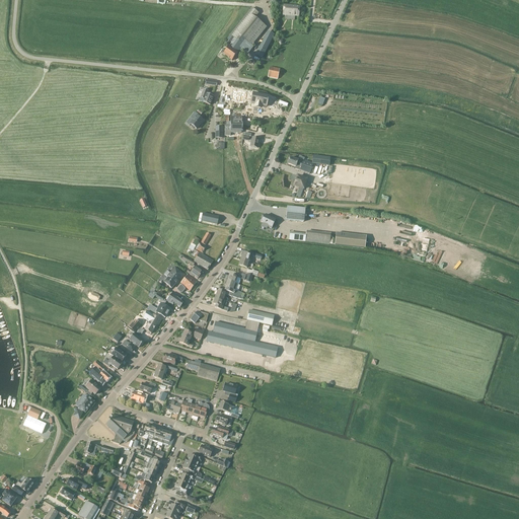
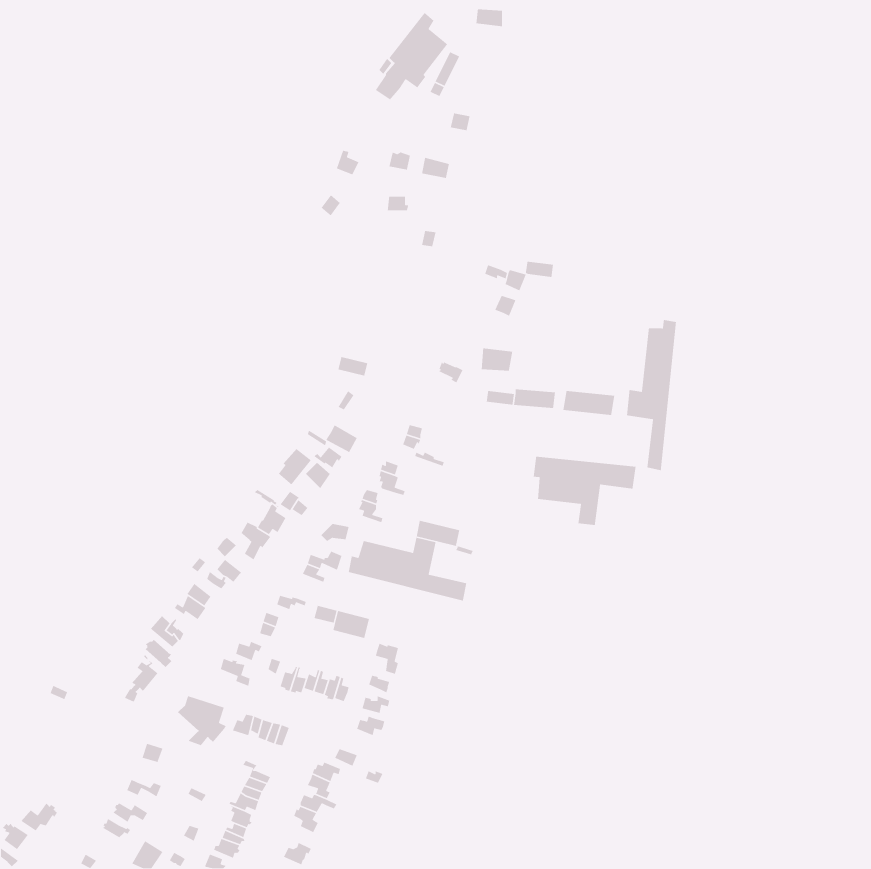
building: none -> [626,319,677,471]
building: none -> [533,456,637,526]

